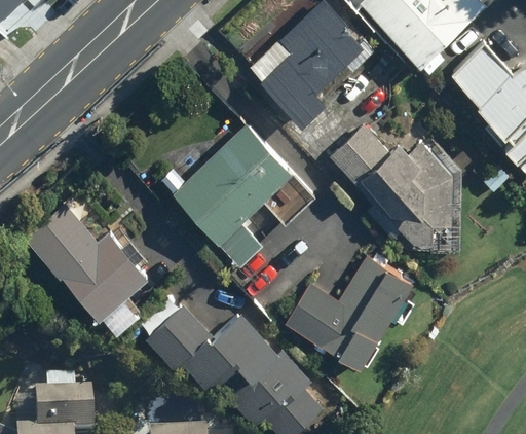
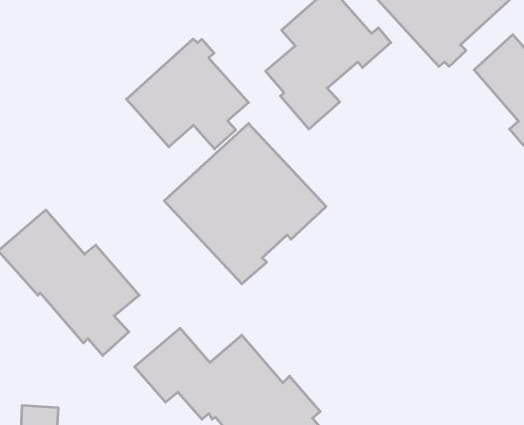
building: none -> [126,39,249,149]
building: [329,126,460,252] -> none
building: [286,254,414,370] -> none

